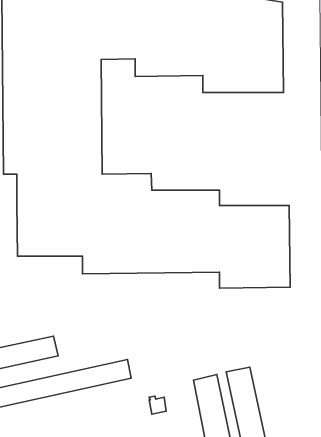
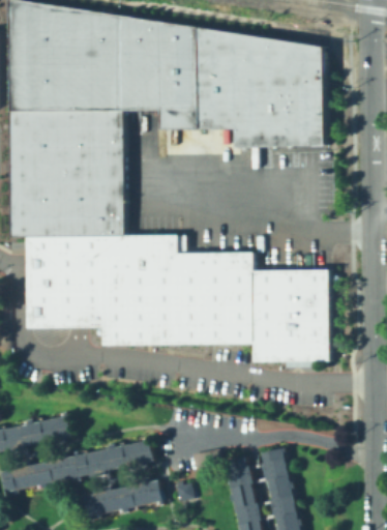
building: none -> [87,481,165,517]

